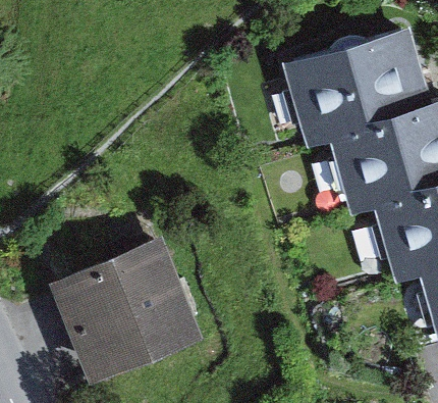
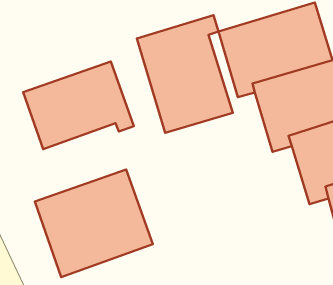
building: none -> [137,15,233,133]
building: none -> [23,62,134,149]

